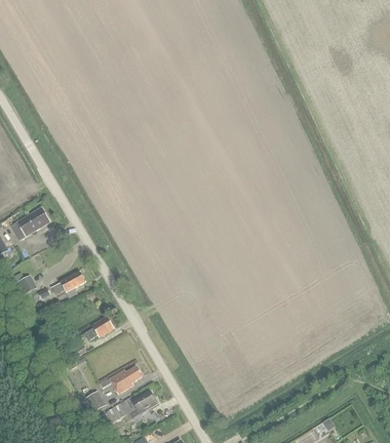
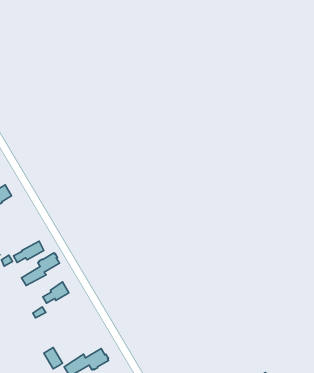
building: none -> [22,253,59,286]
building: [100,366,142,394] -> none

